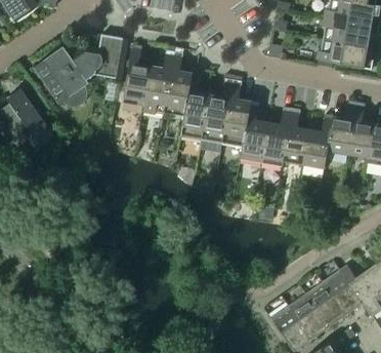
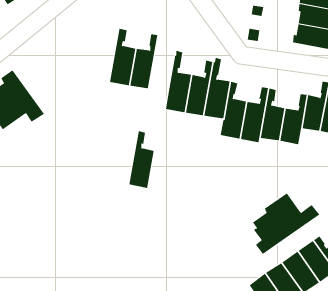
building: [33,35,128,108] -> none
building: [164,52,192,114] -> [129,131,155,188]
building: none -> [252,192,320,255]

